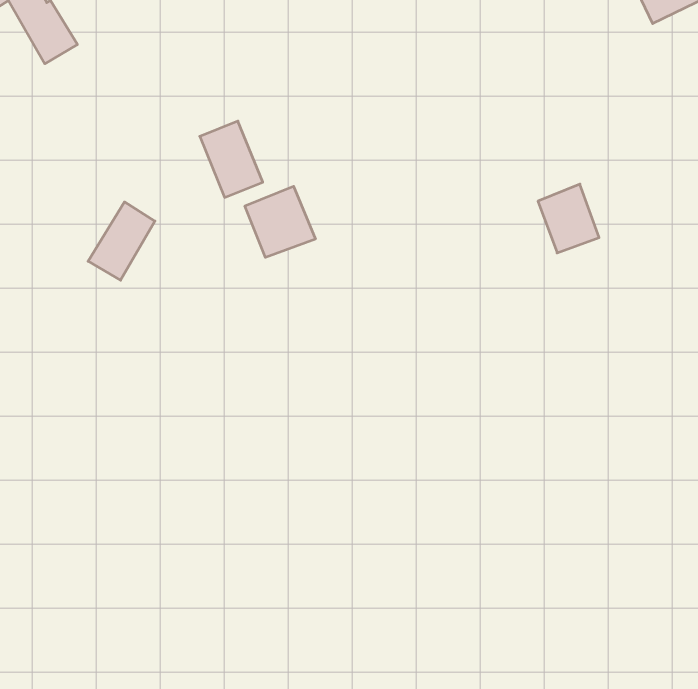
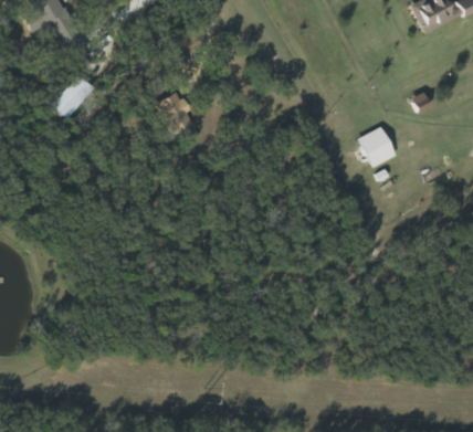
building: [245,186,315,257] -> none
building: [88,202,155,280] -> [53,73,92,118]

